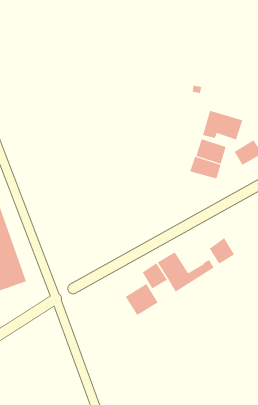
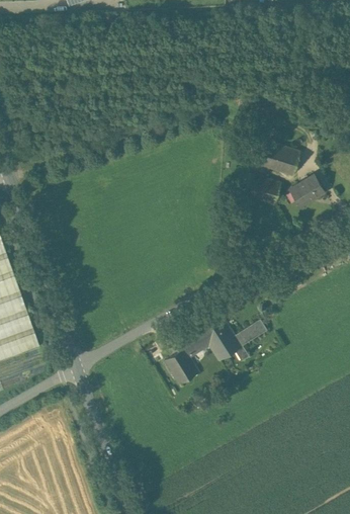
building: [189,156,221,180] -> none
building: [208,237,235,264] -> none

